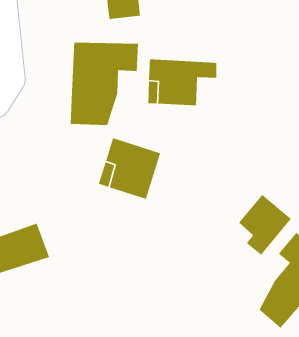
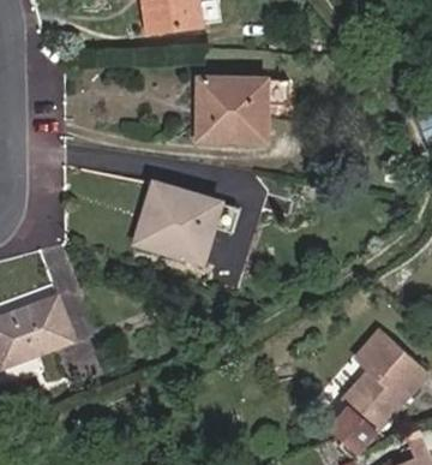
building: [70,42,139,126] -> none
building: [238,194,292,256] -> none

